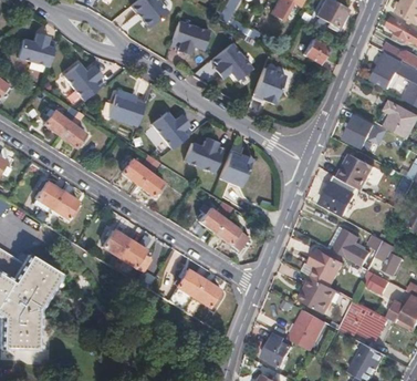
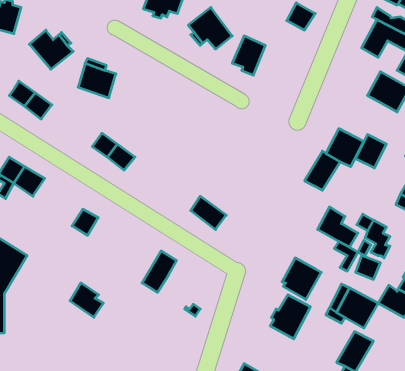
building: [153,112,191,147] -> none
building: [345,116,374,147] -> [356,135,386,168]
building: [185,141,225,173] -> none
building: [219,153,252,187] -> none
building: [200,202,230,230] -> none
building: [118,237,149,269] -> [70,283,103,317]
building: [302,248,343,285] -> none
building: [184,278,220,312] -> none
building: [262,332,291,365] -> none

